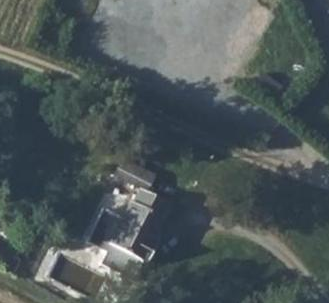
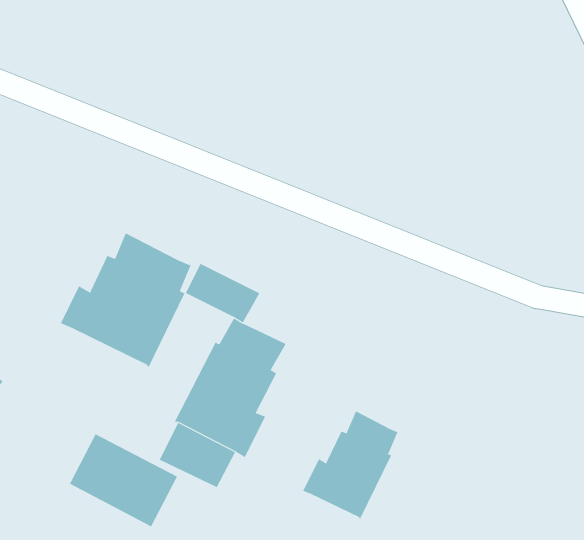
building: none -> [60,232,191,368]
building: none -> [303,411,398,520]

